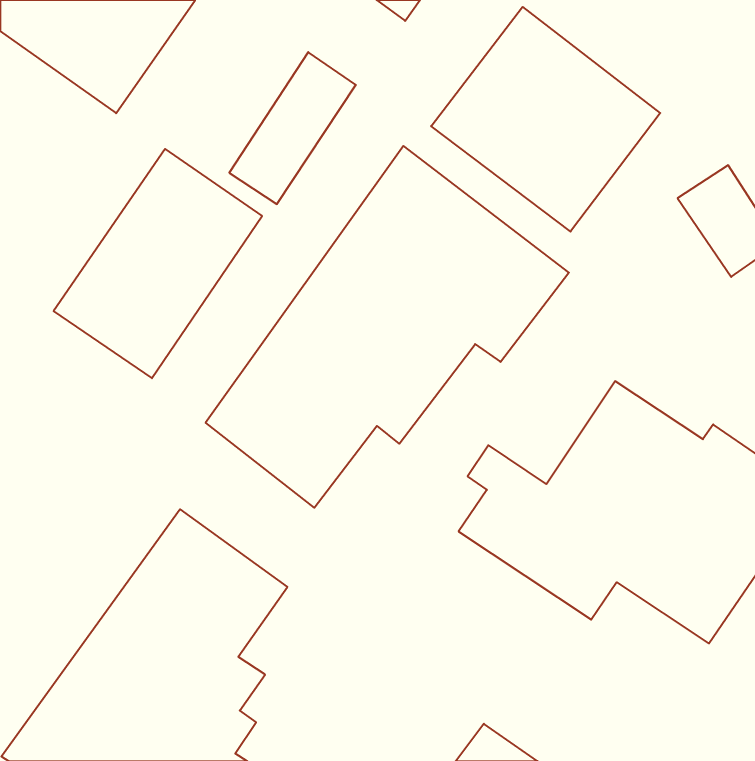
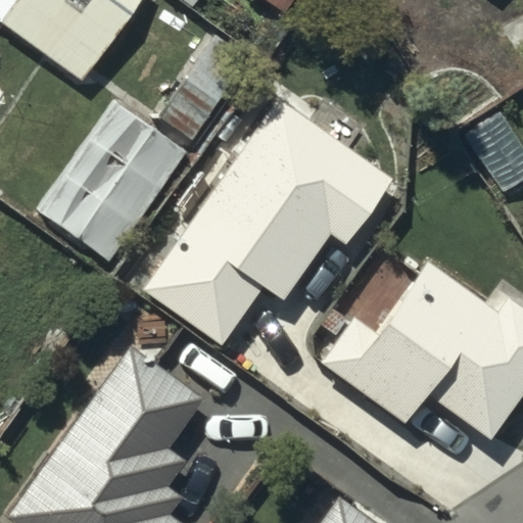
building: [431,7,660,232] -> none

